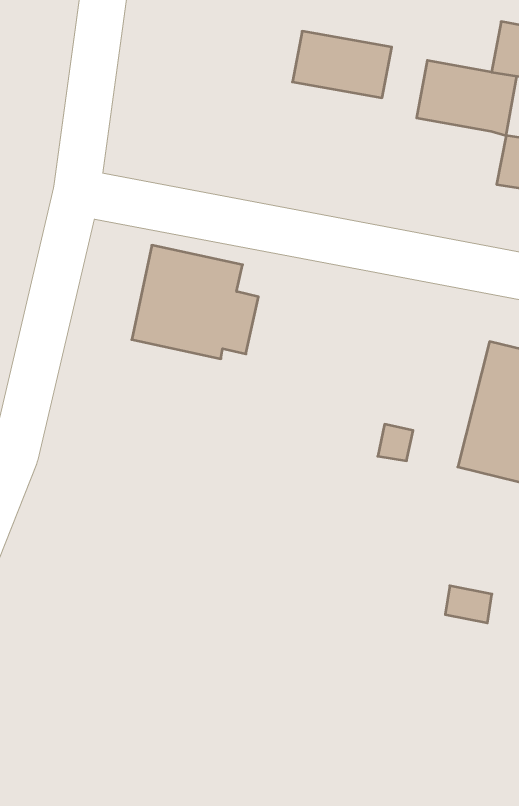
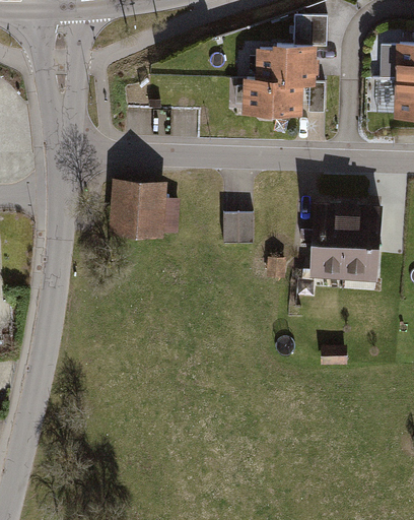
building: [292,31,392,98] -> [247,78,301,110]
building: none -> [225,211,255,242]

